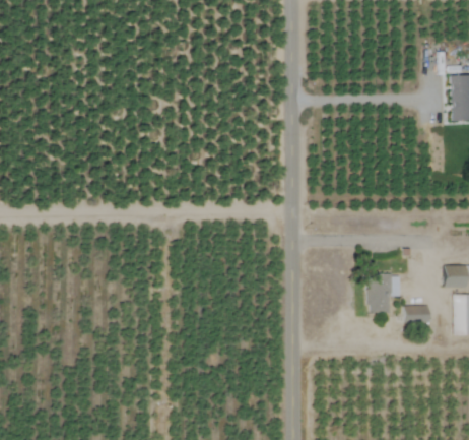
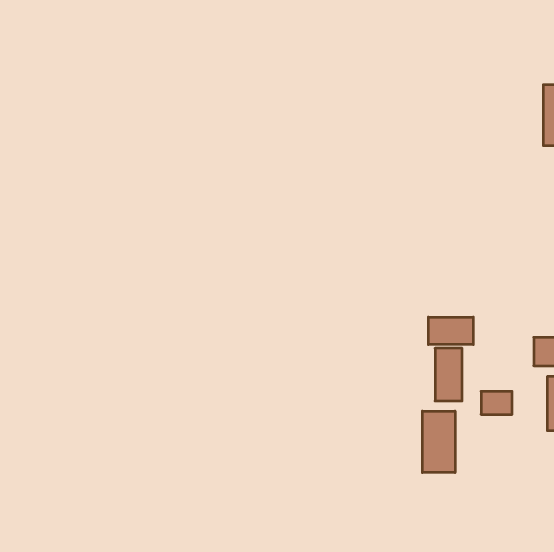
building: none -> [428,317,473,345]
building: none -> [422,411,455,473]

